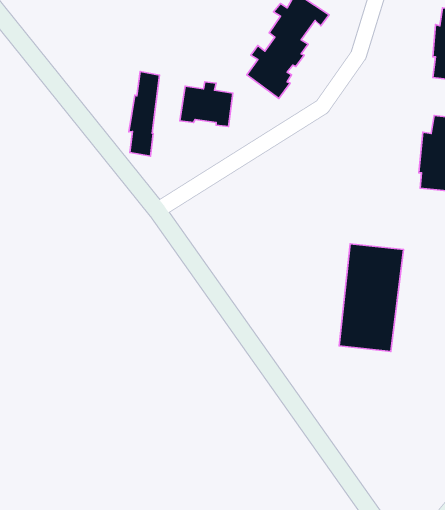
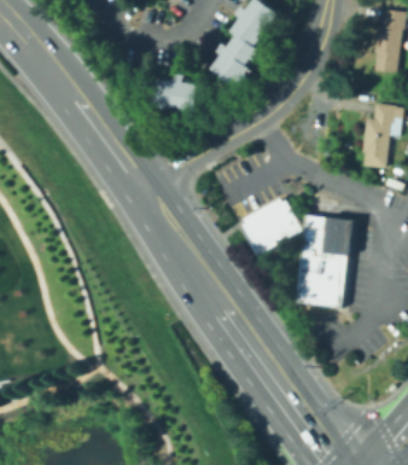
building: [129,72,160,156] -> none
building: none -> [238,198,299,255]

